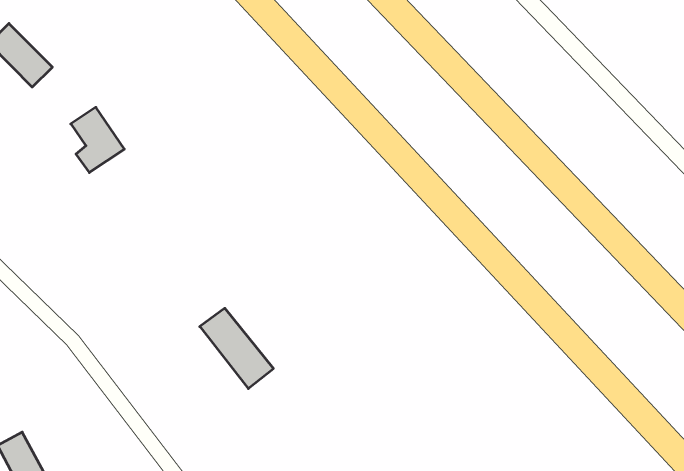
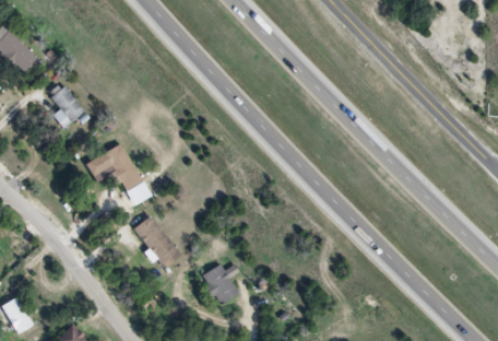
building: none -> [85,143,142,190]
building: none -> [202,263,237,304]

